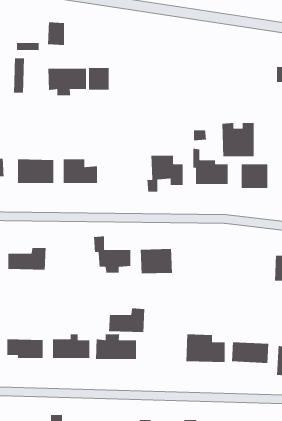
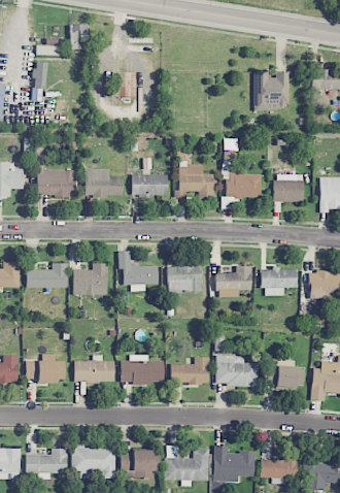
building: [47,68,87,96] -> none
building: [221,122,255,157] -> [253,71,288,108]
building: none -> [131,174,168,196]
building: none -> [73,263,108,295]
building: none -> [216,265,252,297]
building: none -> [262,268,297,296]
building: [108,307,145,333] -> [170,357,209,384]

